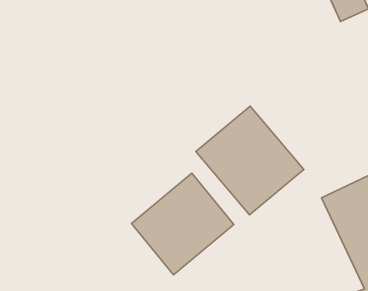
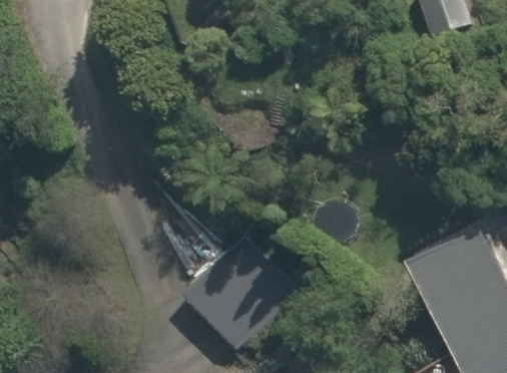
building: [196,106,304,215] -> none

